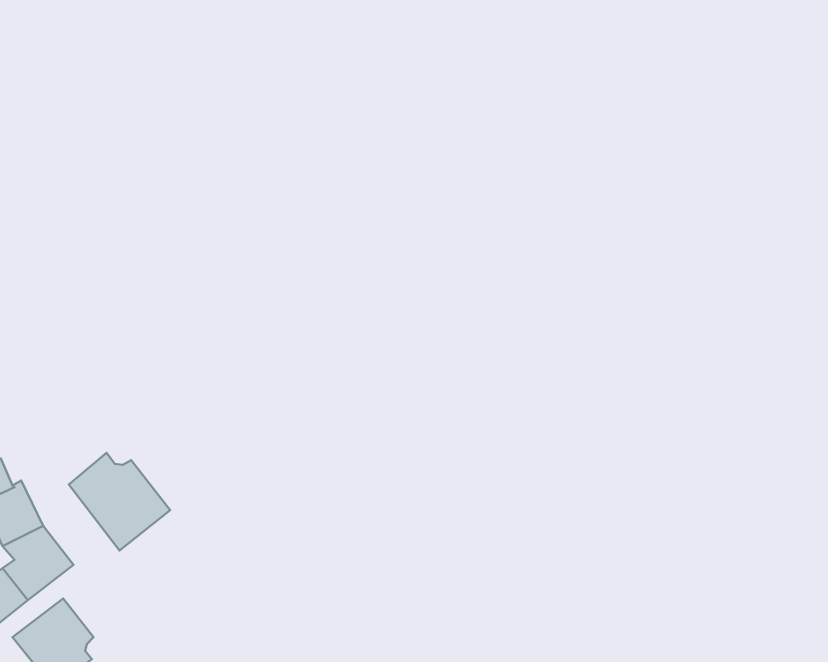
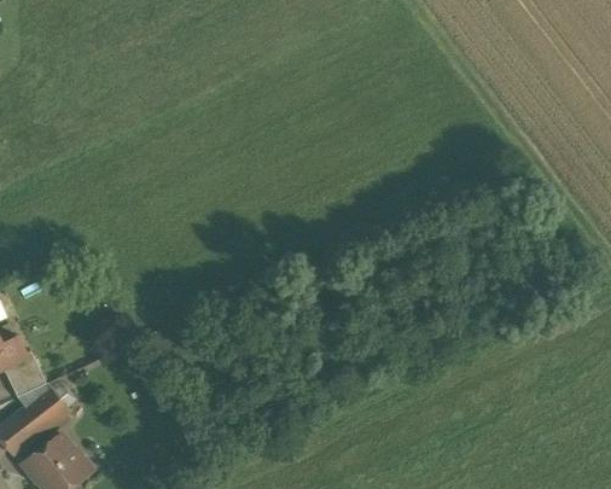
building: [69,453,170,551] -> none

